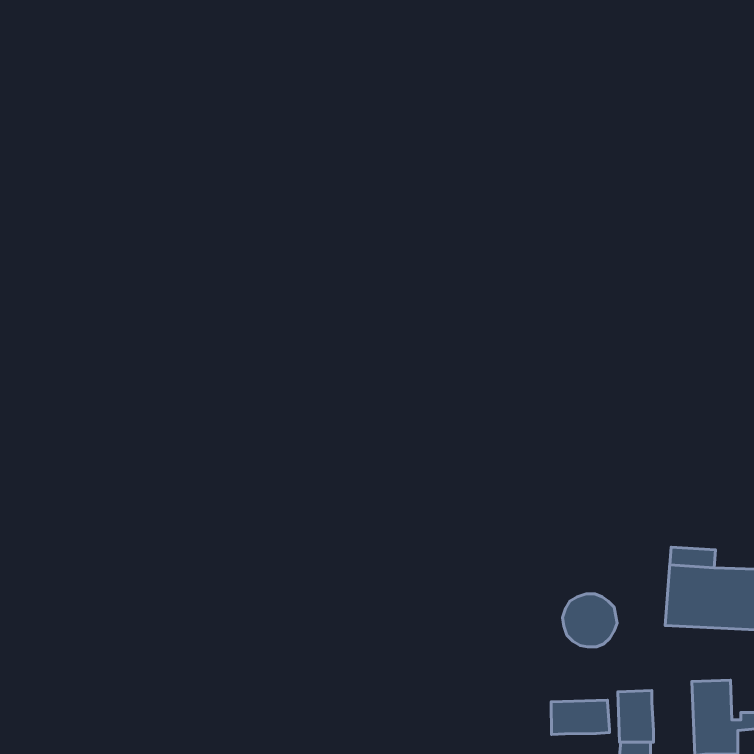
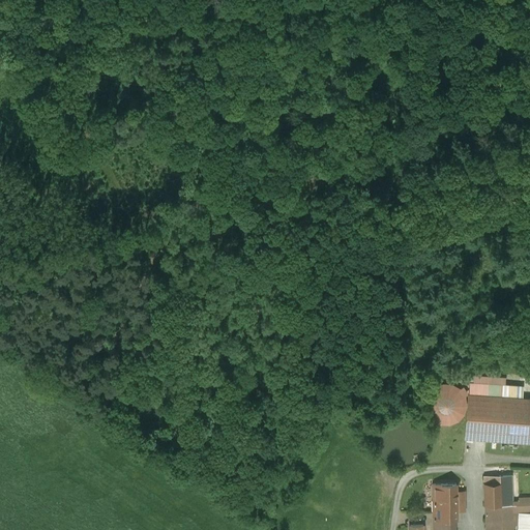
building: [562,594,617,647] -> [428,386,466,423]
building: [551,700,610,734] -> none

